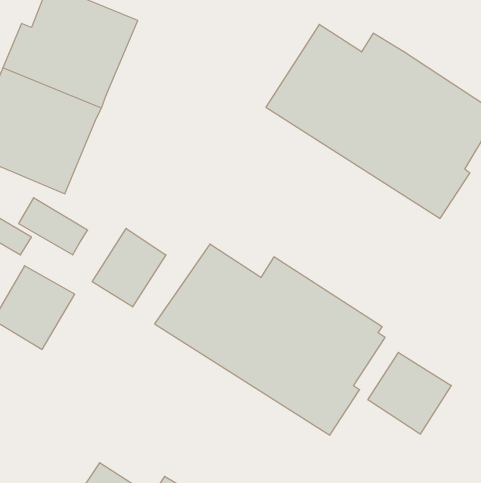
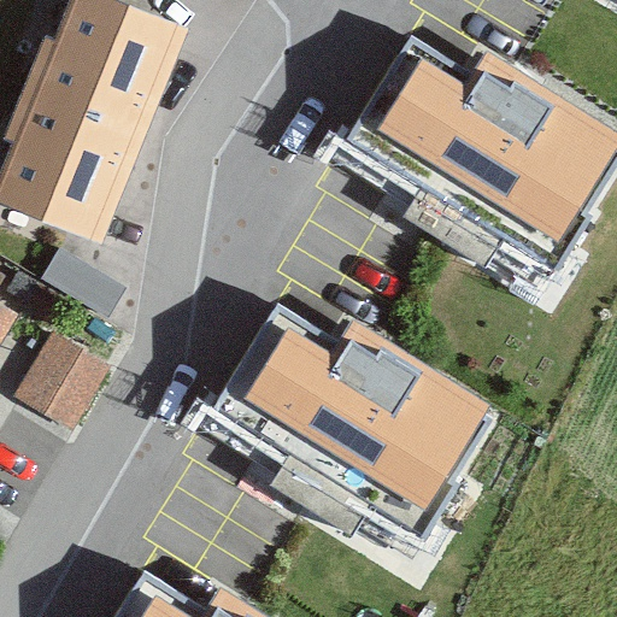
building: [92,228,166,307] -> none
building: [368,352,451,434] -> none

